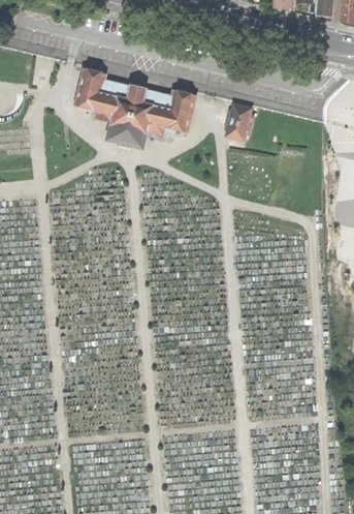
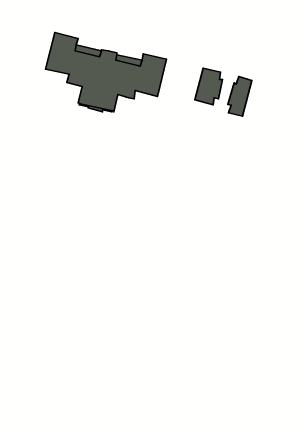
building: none -> [228,77,252,116]

